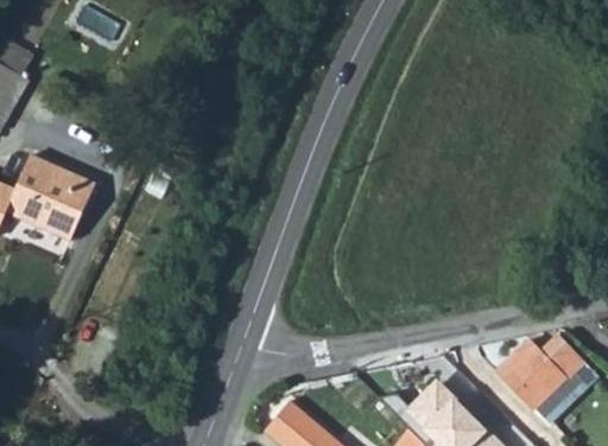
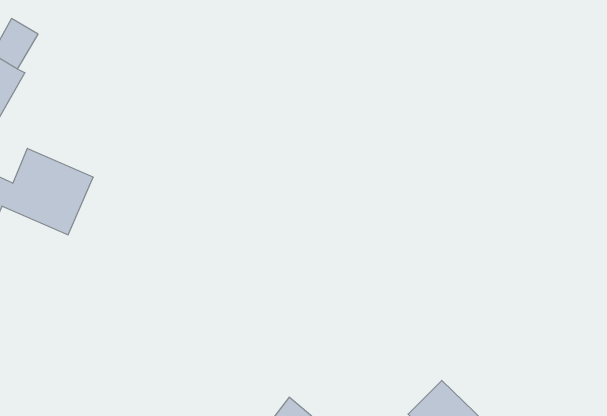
building: [496,336,595,414] -> none

